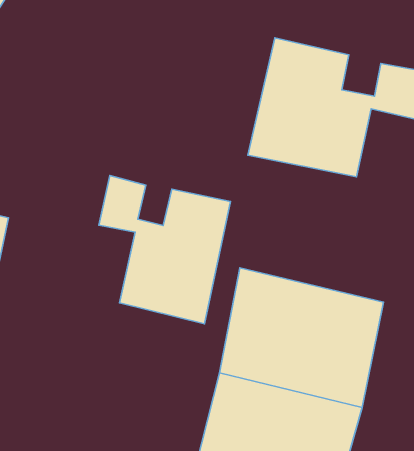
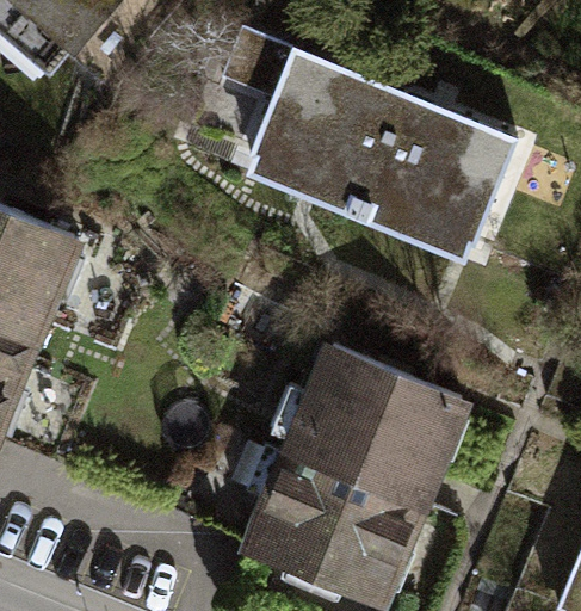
building: none -> [224,29,403,216]
building: [99,176,230,324] -> none

